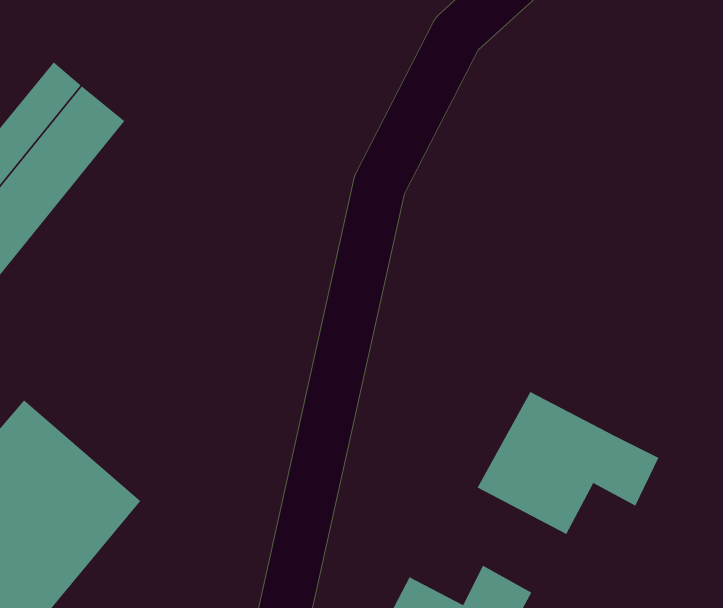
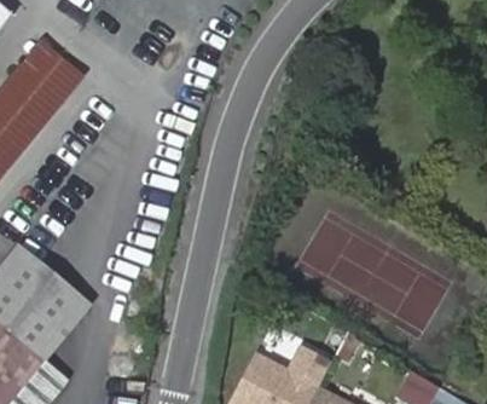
building: [477,391,659,535] -> none

